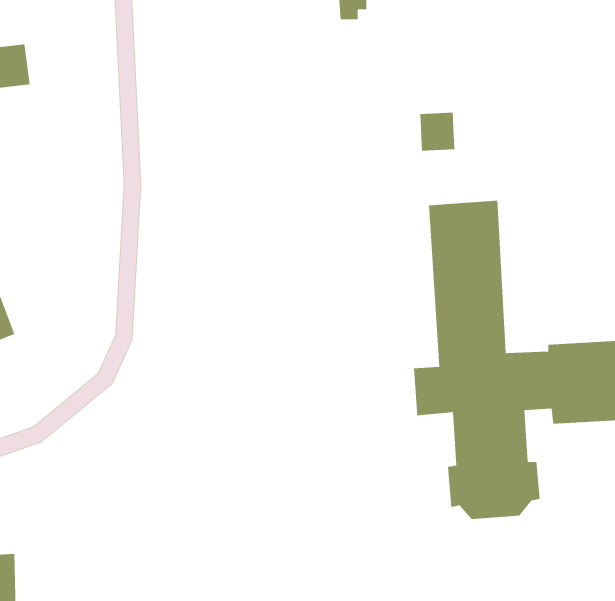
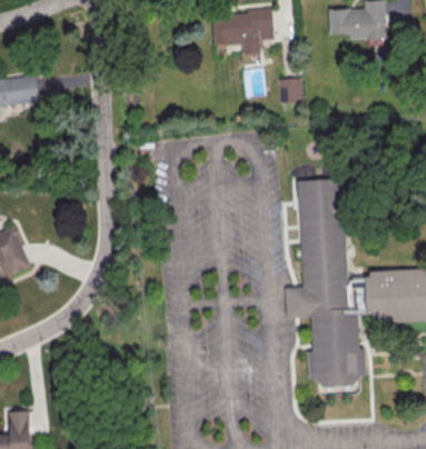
building: [419,112,455,151] -> [277,77,300,102]

